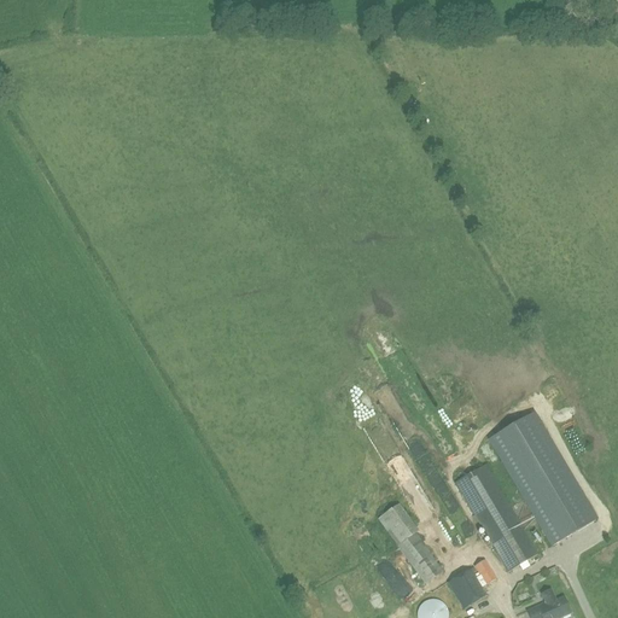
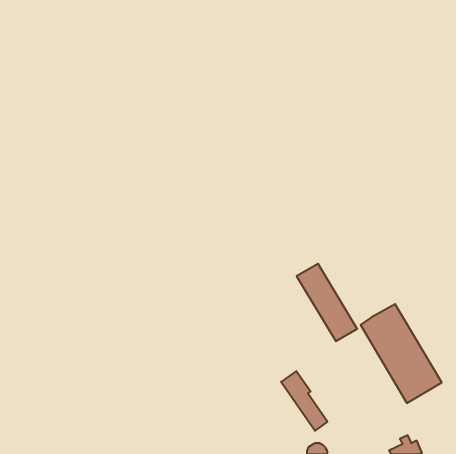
building: [455,465,537,570] -> [297,264,357,341]
building: [448,560,496,608] -> none

